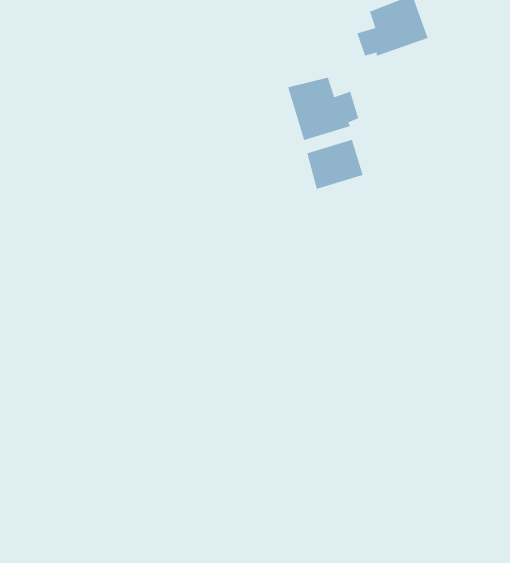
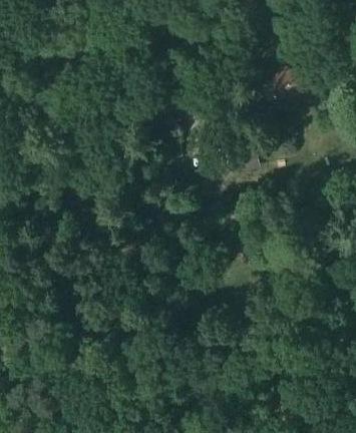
building: [288,77,359,141] -> none

